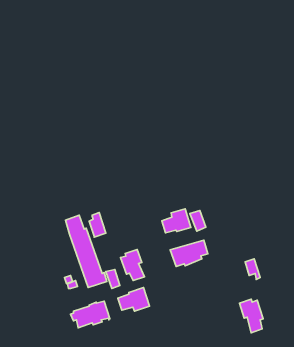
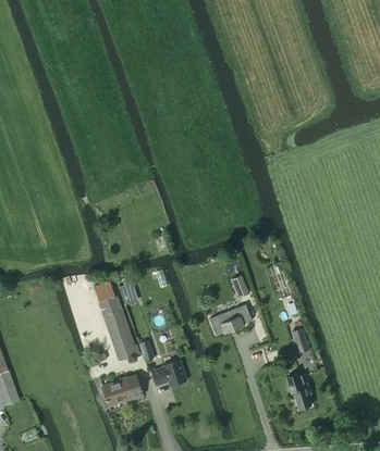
building: [162,209,191,233] -> none
building: [121,249,144,280] -> none

